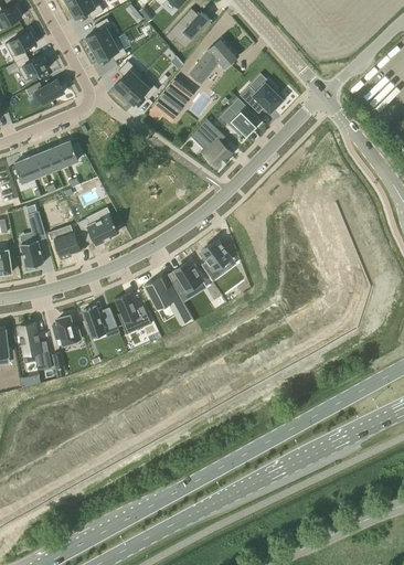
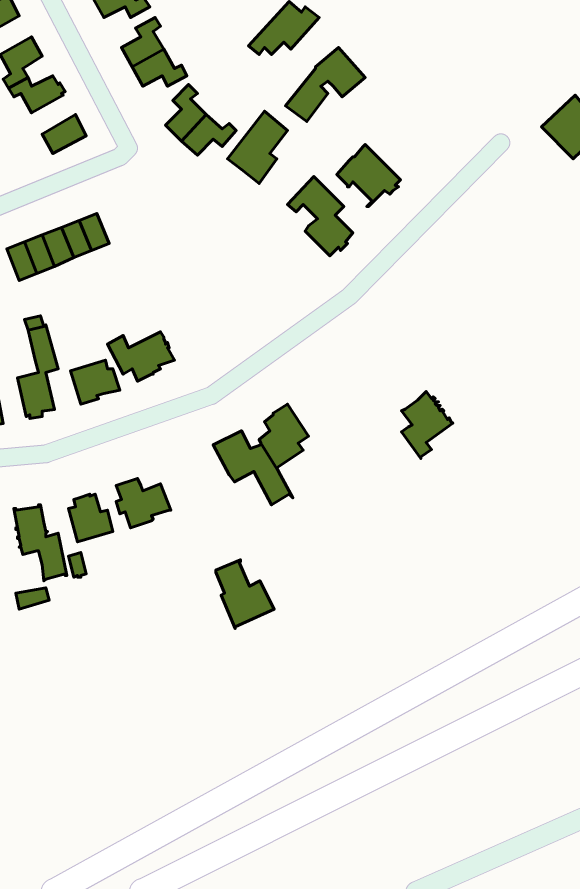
building: [241,81,284,113] -> none
building: [201,239,233,281] -> [402,391,453,458]
building: [115,292,151,335] -> [216,560,274,629]

